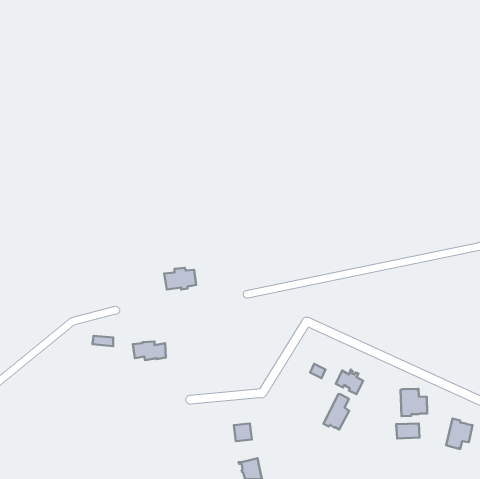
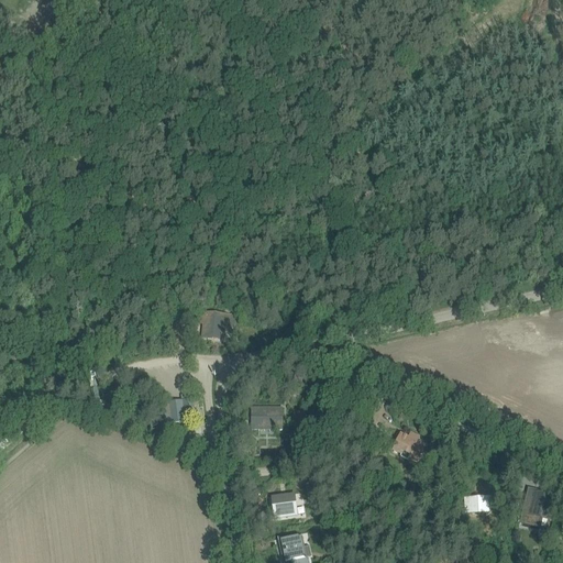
building: none -> [249,406,280,428]
building: [400,389,427,416] -> none
building: [323,394,349,430] -> none

